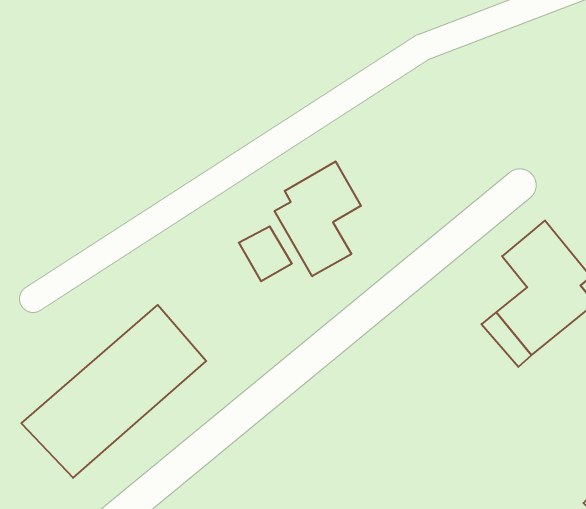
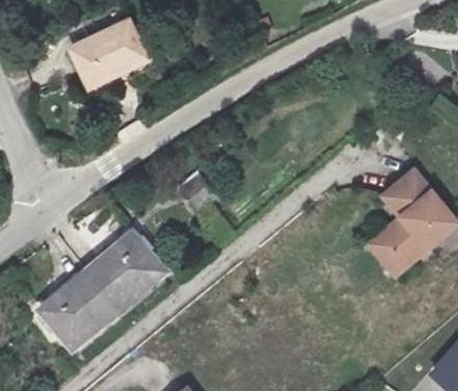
building: none -> [61,21,139,95]
building: [275,161,361,276] -> none

